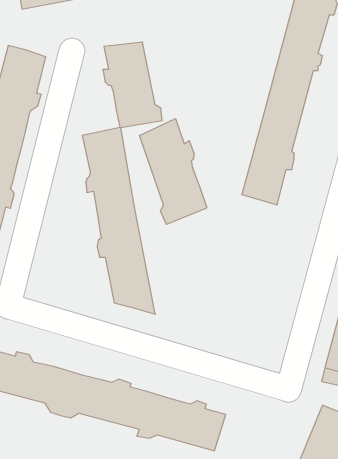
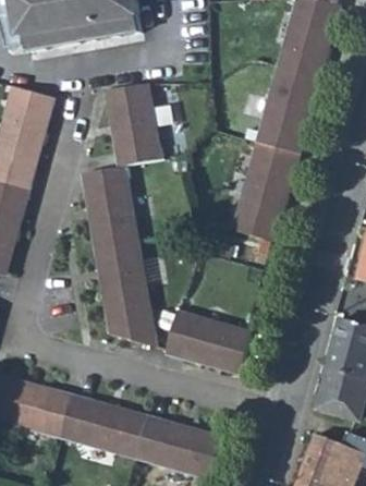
building: [140,119,207,224] -> none
building: none -> [168,307,251,368]

